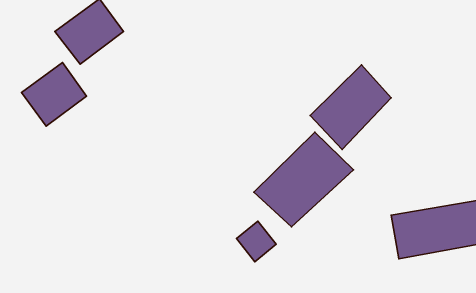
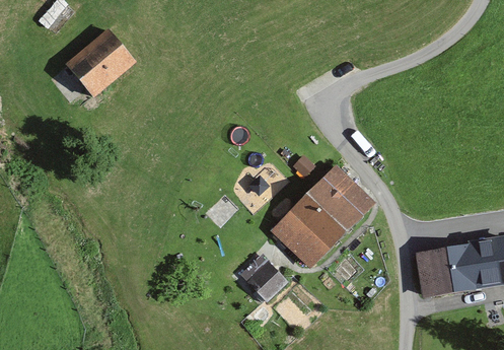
building: [21,63,87,126] -> none
building: [310,65,391,150] -> none

